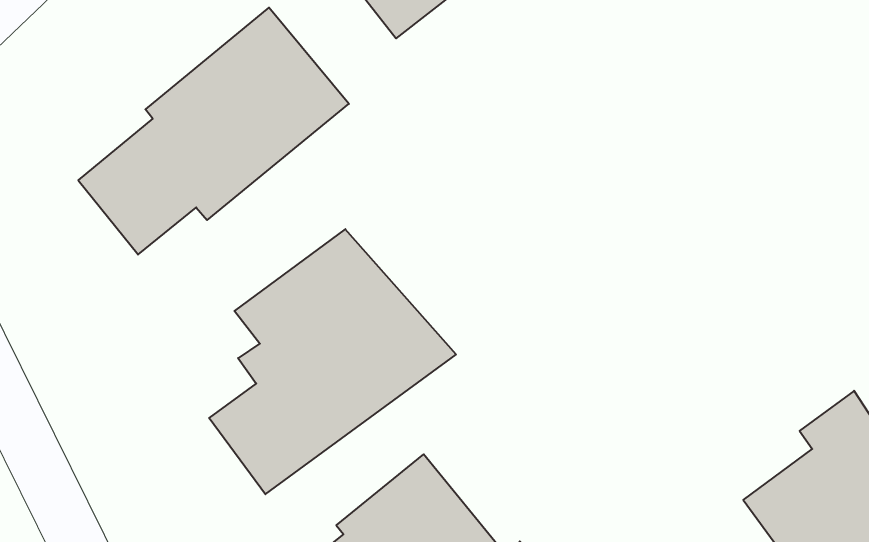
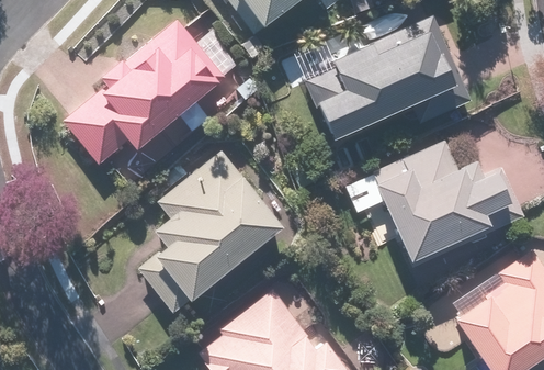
building: none -> [307,19,461,141]
building: none -> [374,141,517,259]

